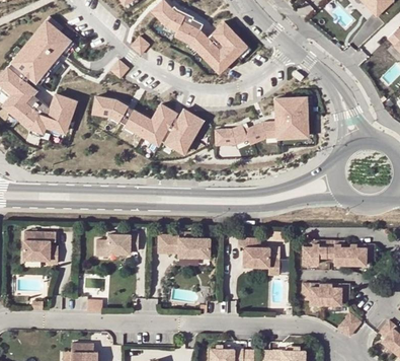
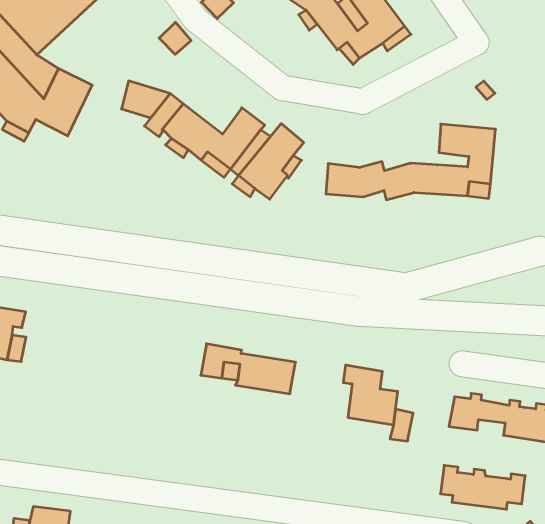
building: [94,237,137,259] -> none

